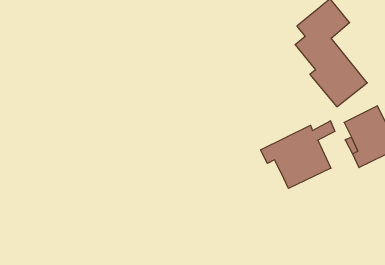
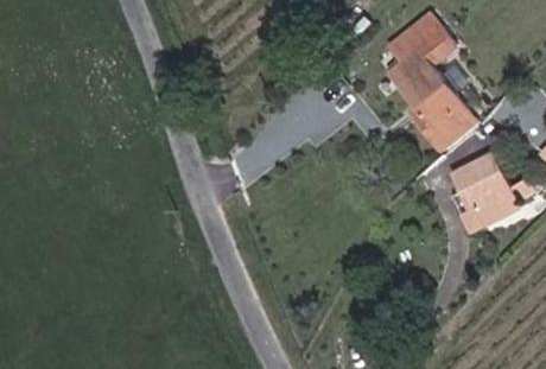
building: [261,121,335,188] -> none

